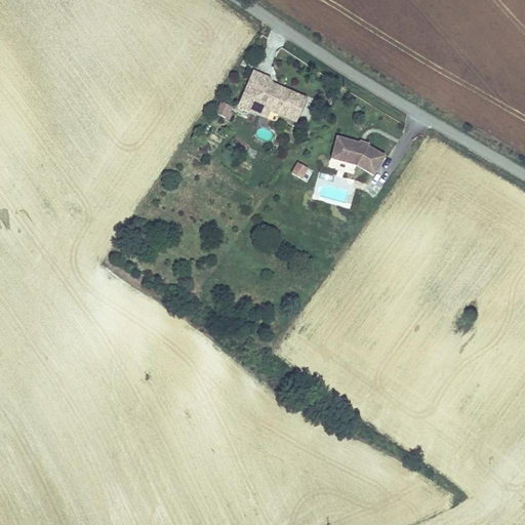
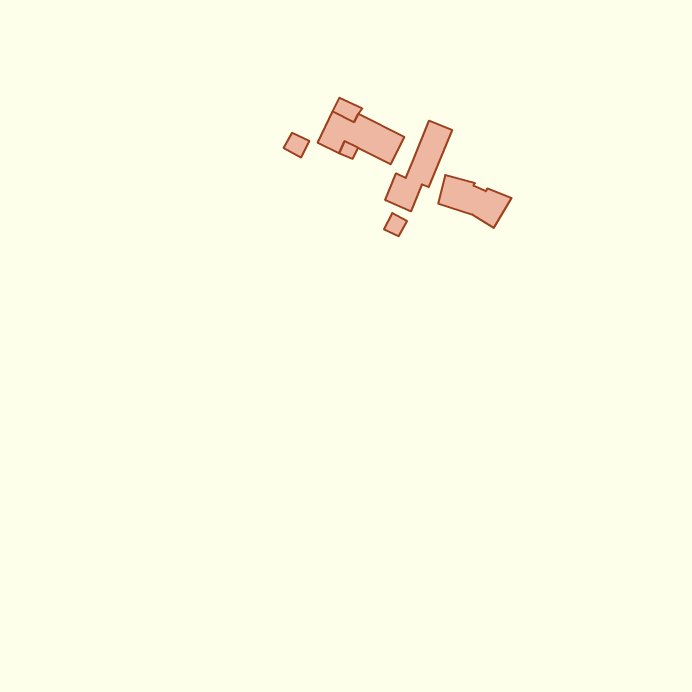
building: none -> [385,121,452,211]

